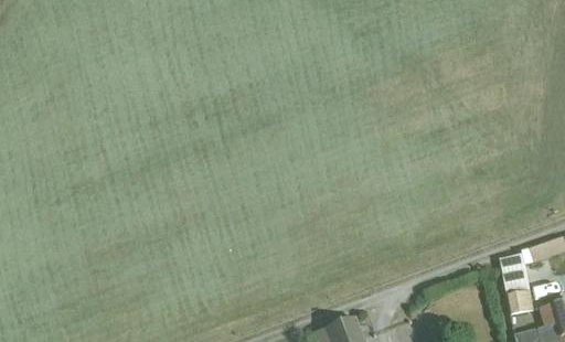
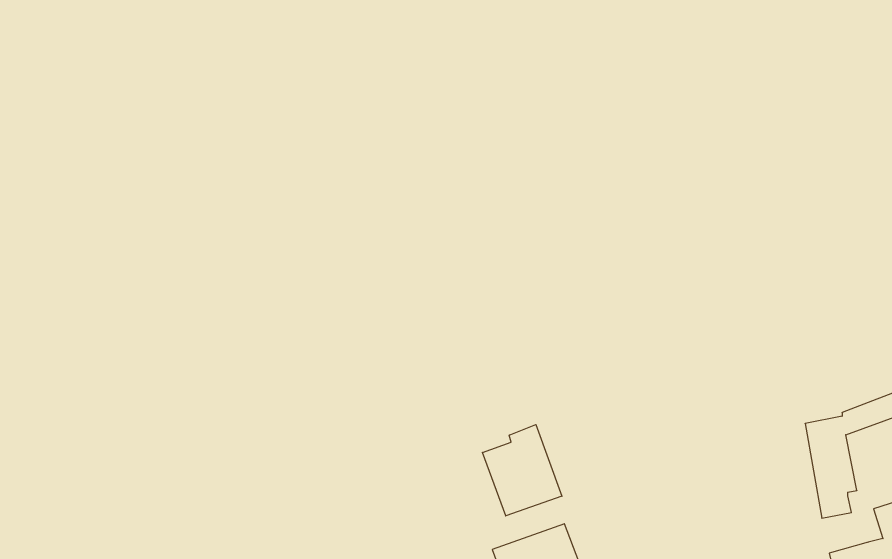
building: none -> [482,425,562,516]

